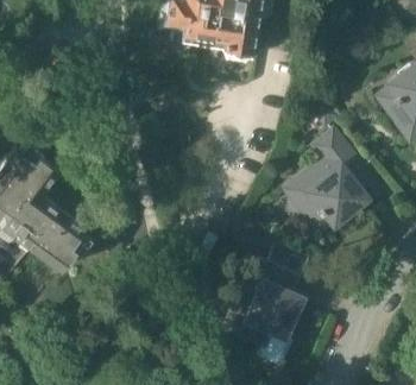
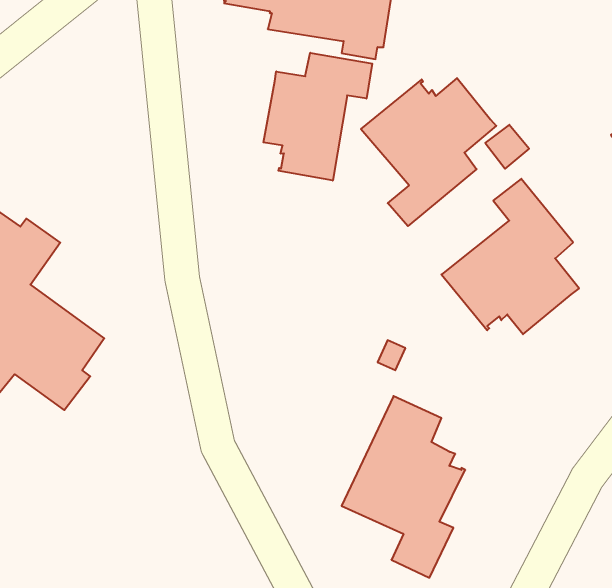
building: none -> [263,53,372,181]
building: none -> [361,78,496,226]

